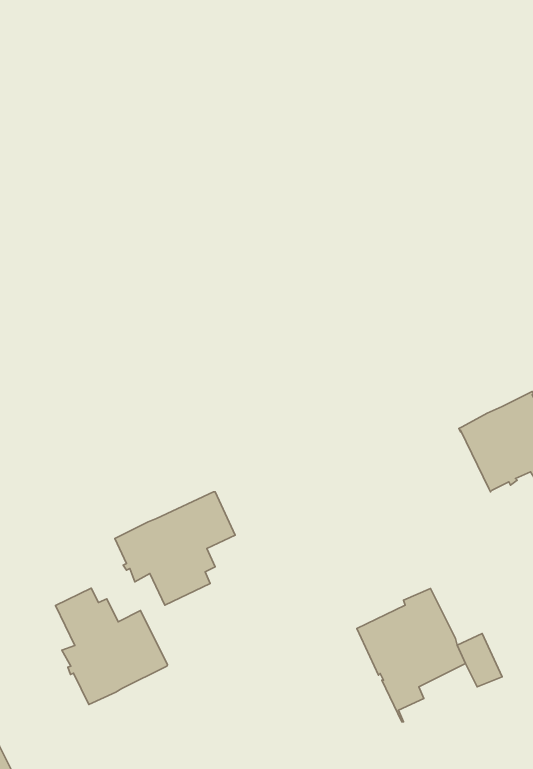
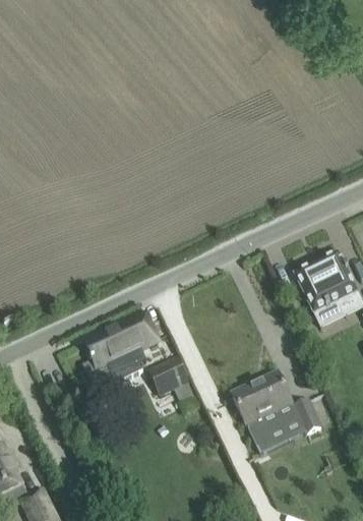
building: none -> [148,357,190,396]
building: [55,588,167,705] -> none

